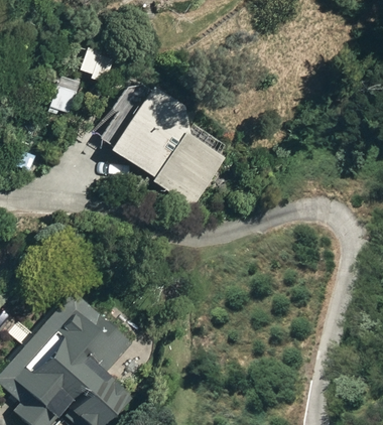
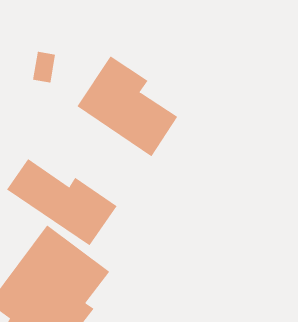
building: none -> [6,158,117,246]

